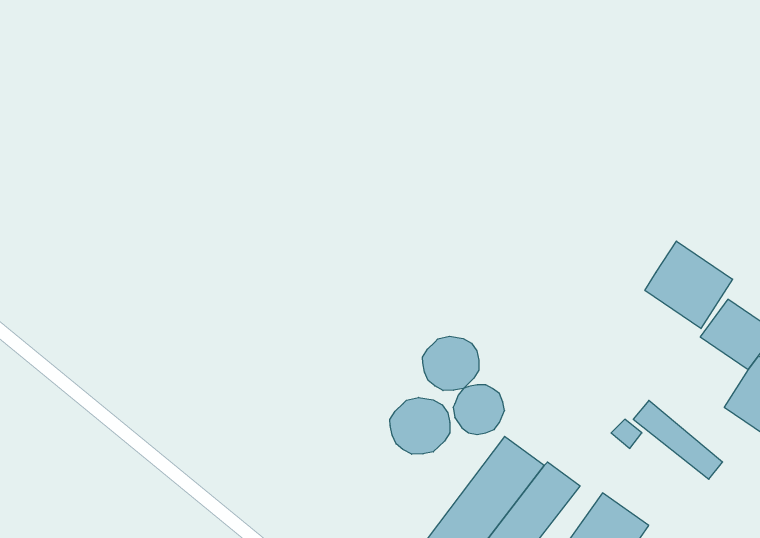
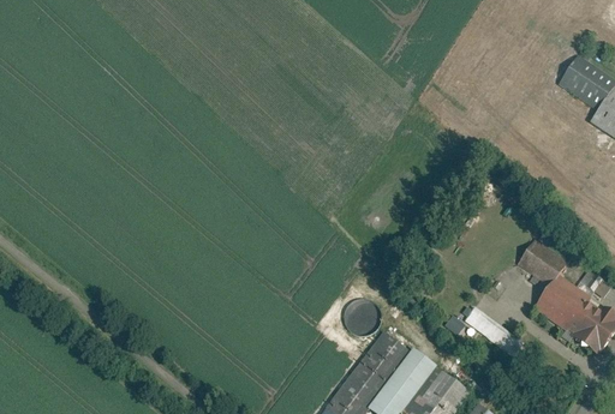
building: [645,241,733,329] -> none
building: [422,336,479,391] -> none
building: [390,397,450,454] -> none

